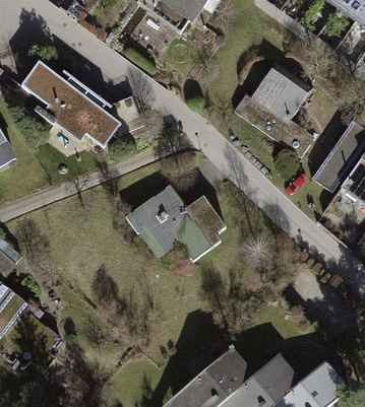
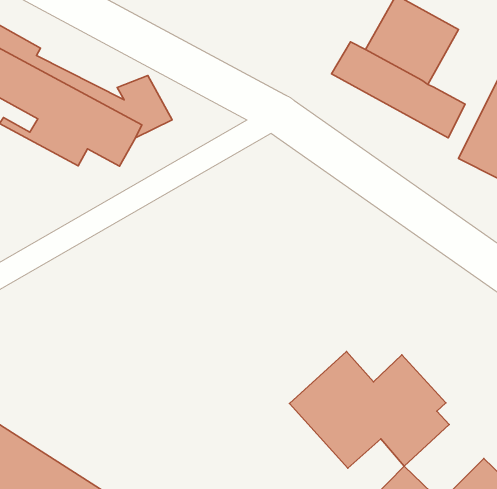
building: [136,189,229,262] -> [289,352,449,468]

